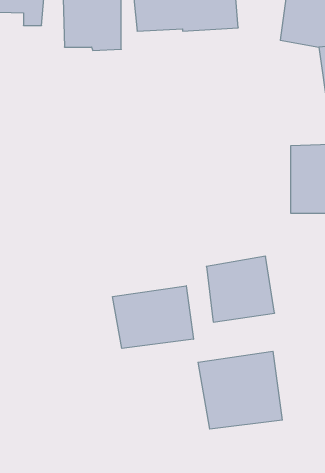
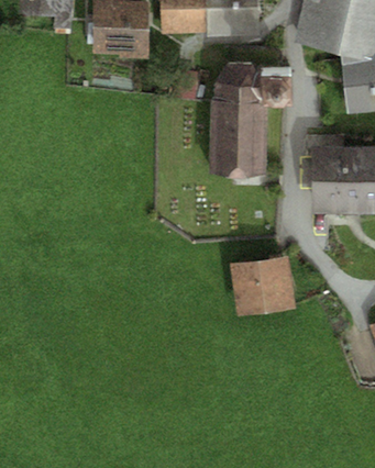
building: none -> [209,56,293,169]
building: [113,286,193,348] -> none
building: [198,351,282,429] -> none

